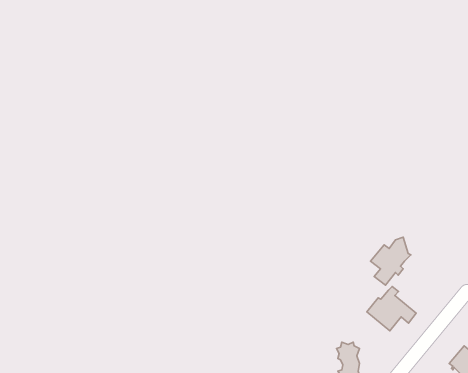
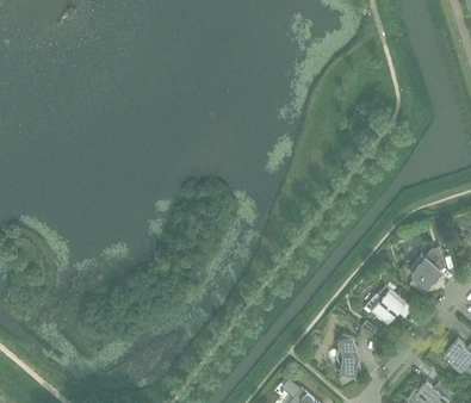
building: [370,237,411,285] -> [407,248,445,293]

